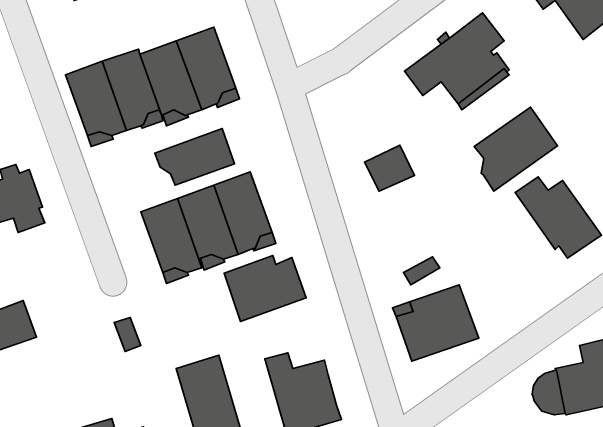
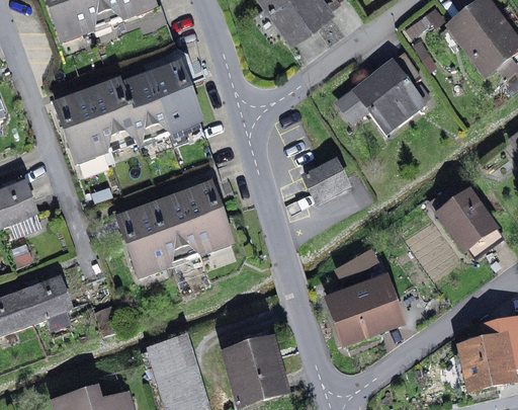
building: [474,107,557,191] -> none
building: [155,128,235,185] -> none
building: [224,256,306,321] -> none
building: none -> [20,277,71,322]

